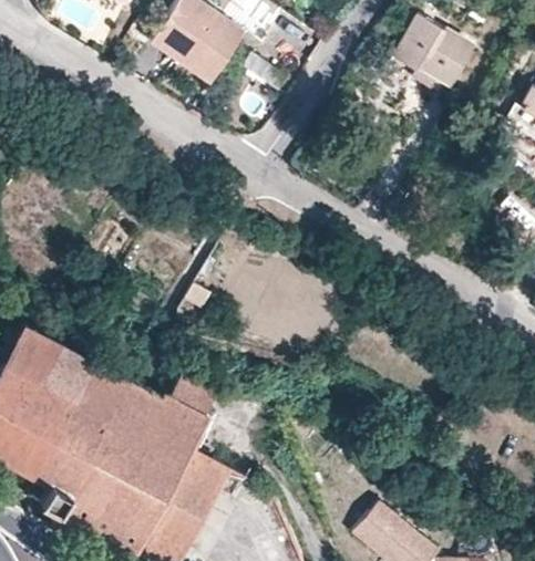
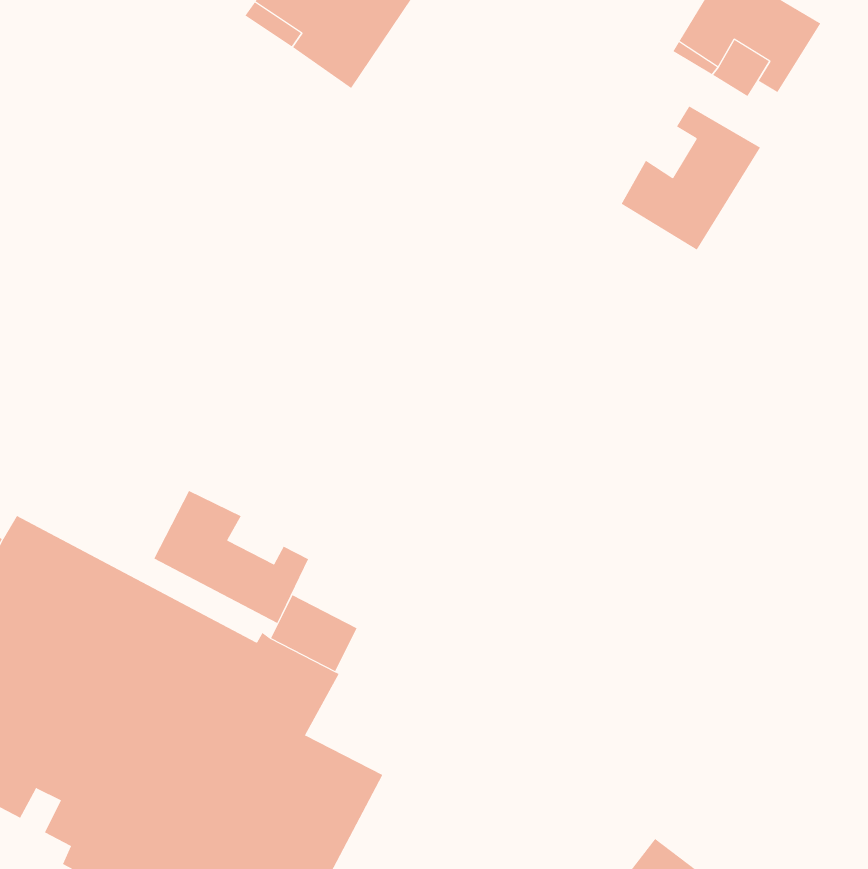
building: none -> [621,105,761,250]
building: none -> [153,490,309,624]

